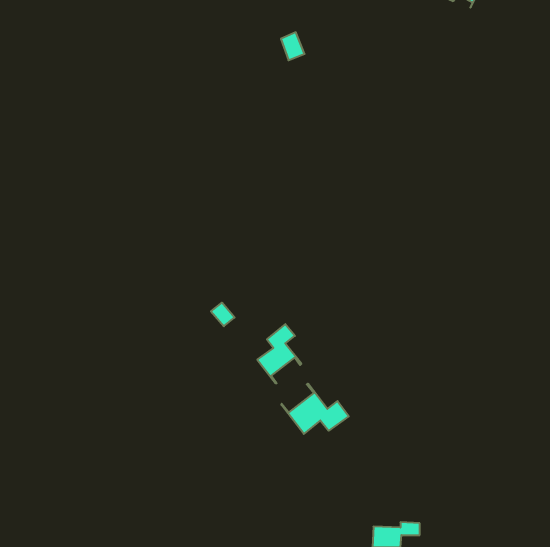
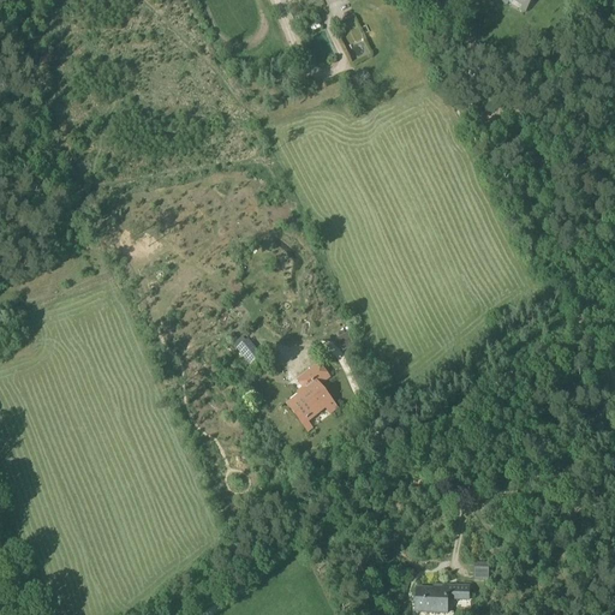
building: [281,384,349,434] -> none

